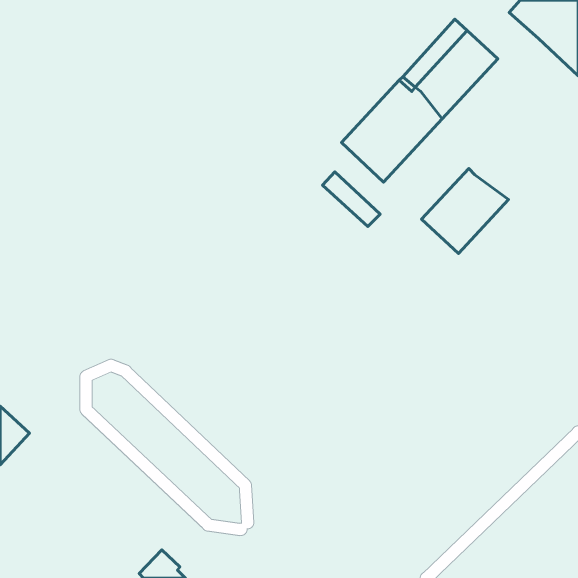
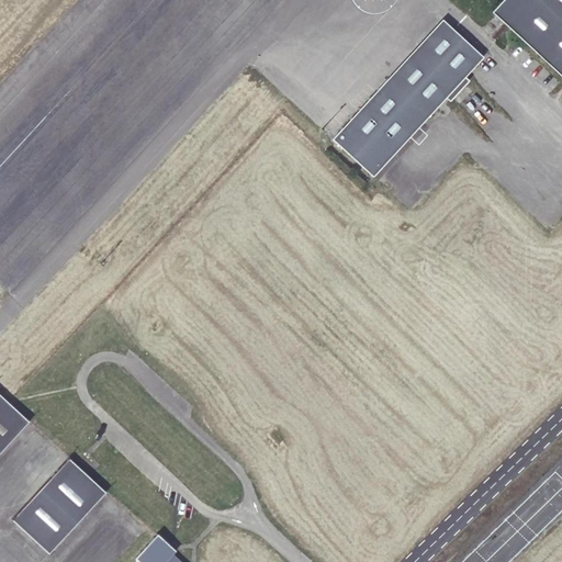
building: [421,169,509,254] -> none
building: [323,172,380,226] -> none
building: none -> [12,458,105,553]

